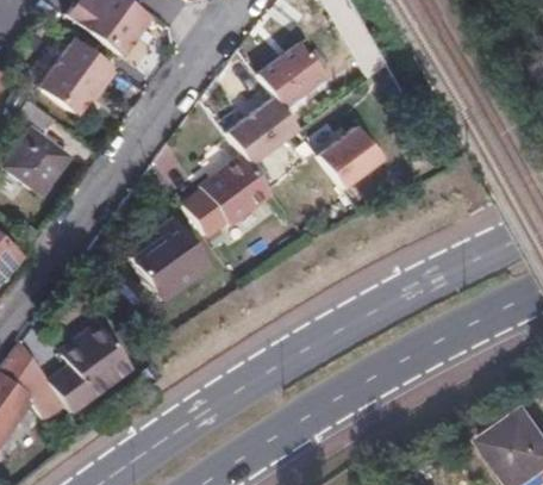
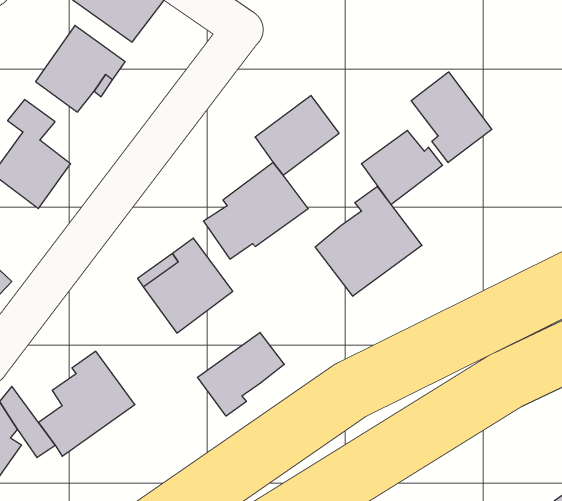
building: [251,33,326,108] -> none
building: none -> [411,72,492,163]
building: none -> [315,186,422,296]
building: none -> [198,332,284,416]

